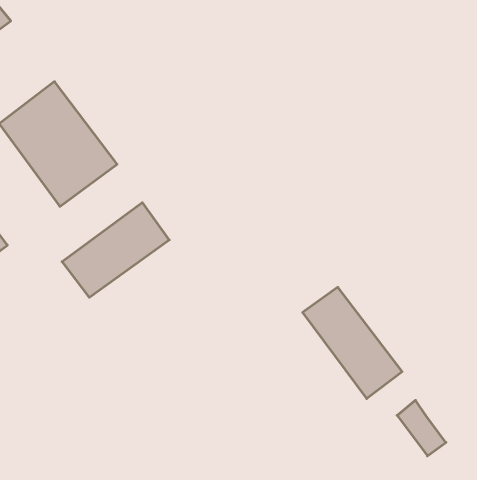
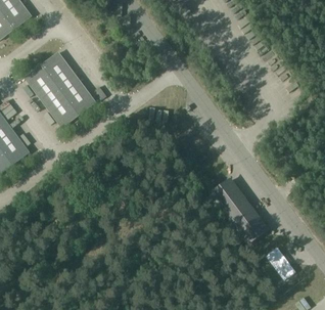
building: [62,203,169,297] -> none

